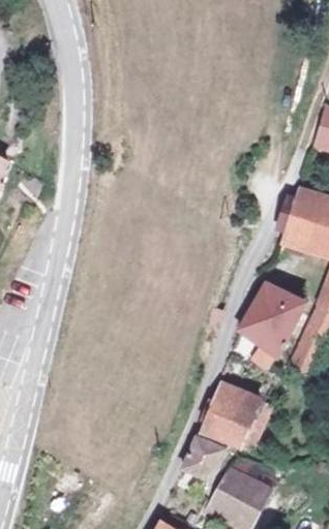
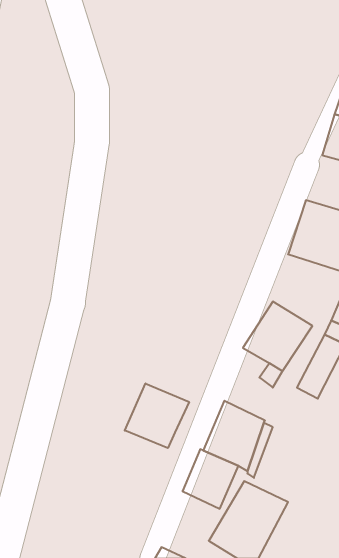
building: none -> [125,383,189,448]

